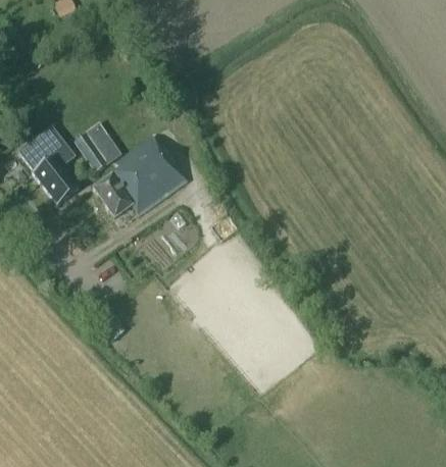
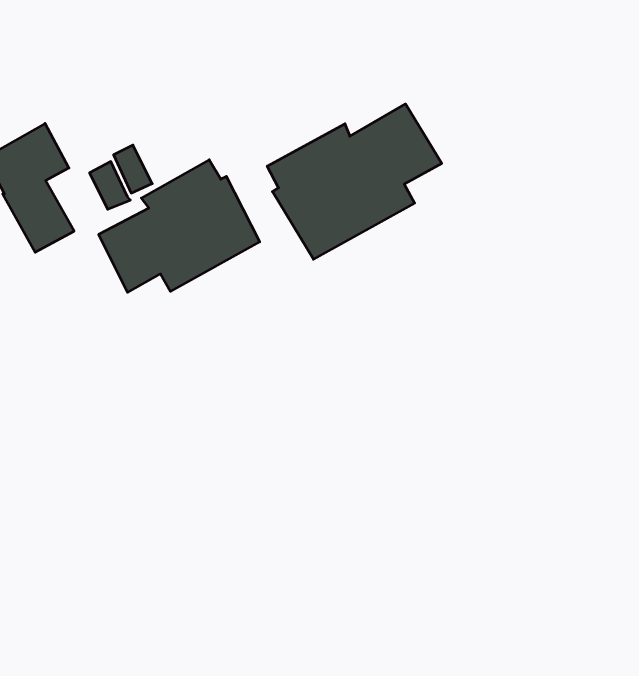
building: none -> [267,104,442,259]

